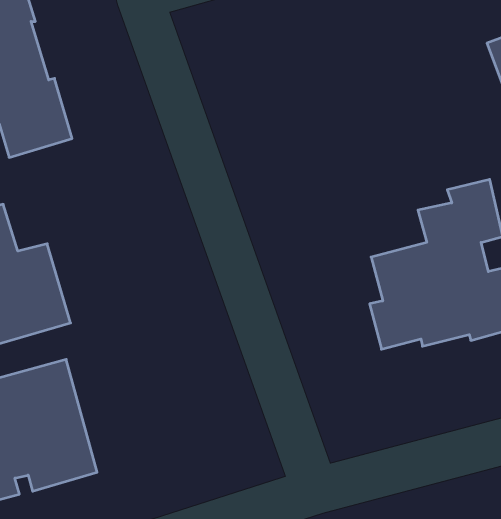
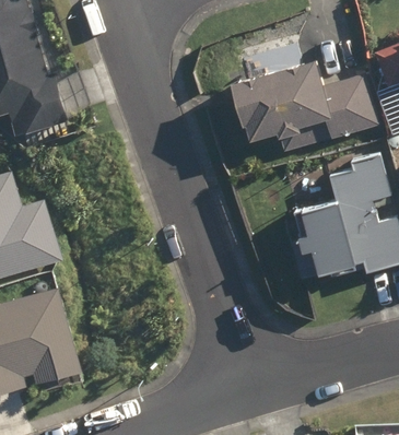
building: none -> [234,58,377,153]

